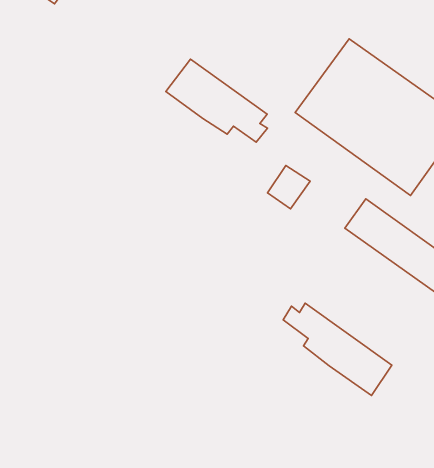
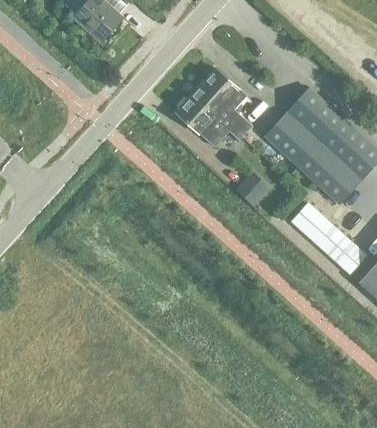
building: none -> [195,70,253,135]
building: [283,303,392,396] -> none

